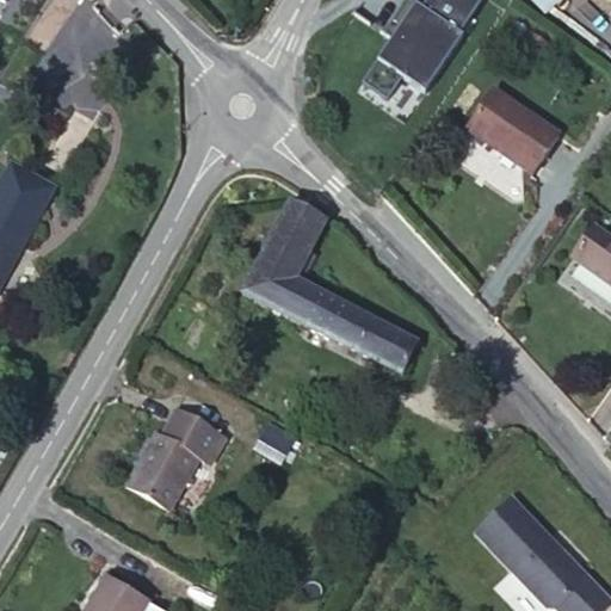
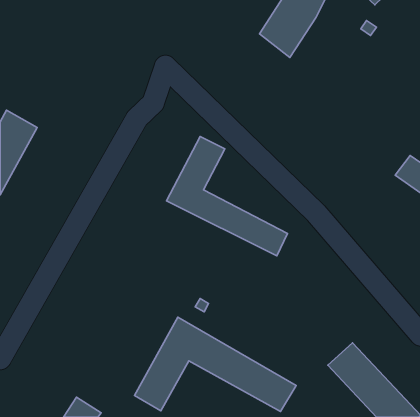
building: [468,88,558,171] -> none
building: [125,407,221,510] -> none
building: none -> [134,317,296,412]

